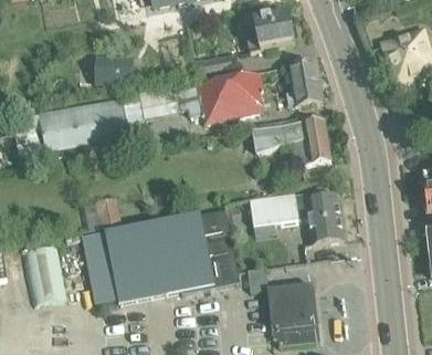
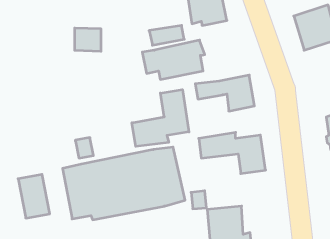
building: [285,59,323,105] -> none
building: [39,96,130,154] -> none
building: none -> [132,90,189,146]

